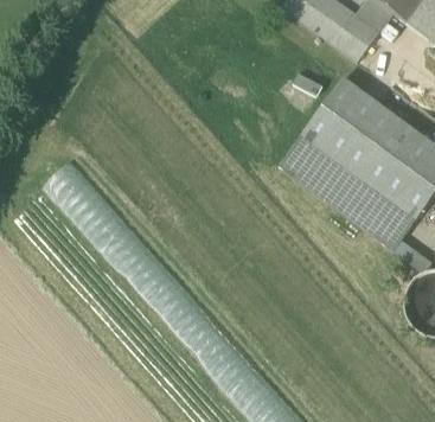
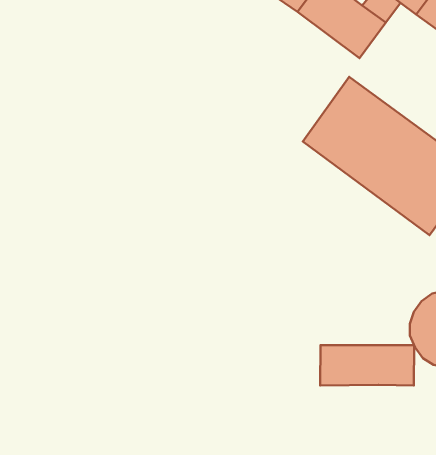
building: [280,135,416,250] -> none
building: none -> [320,345,414,385]

